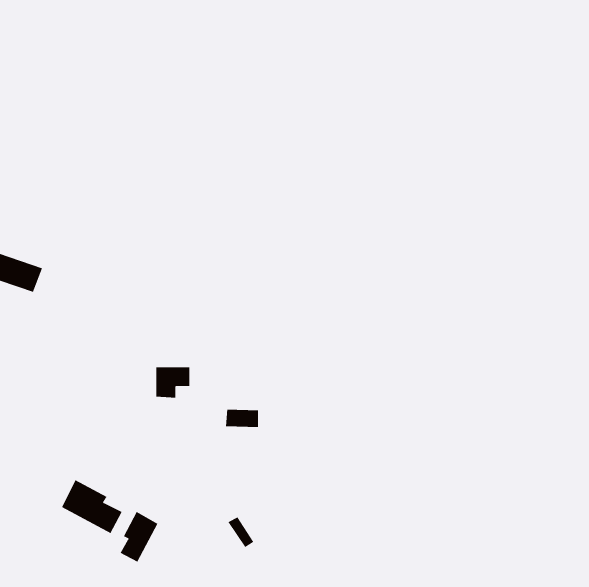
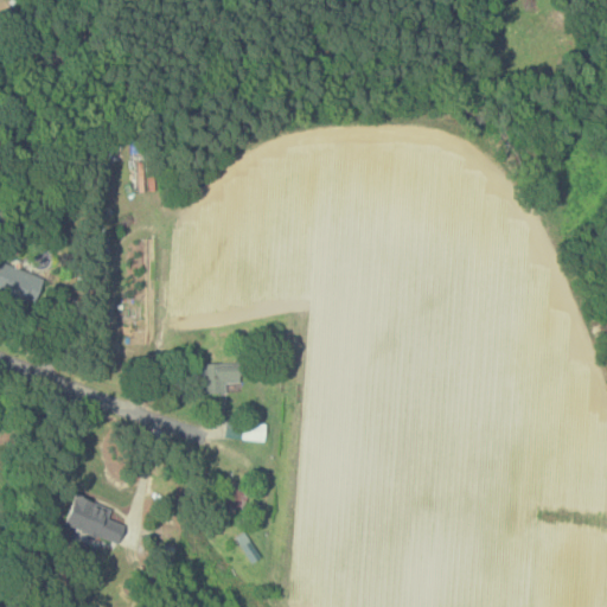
building: [155,367,190,398] -> [205,364,241,396]
building: [120,511,158,563] -> none

